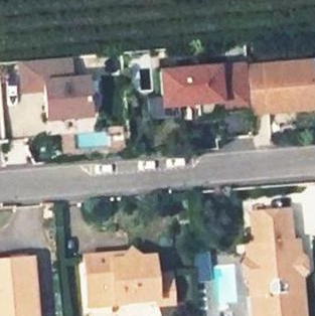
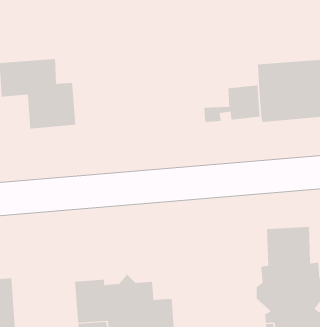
building: [162,64,249,106] -> none

